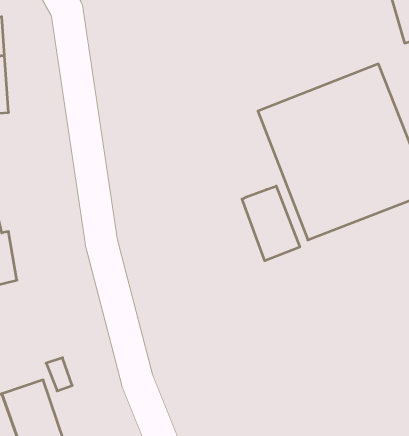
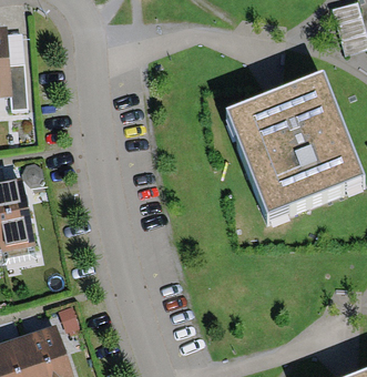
building: [242,186,300,261] -> none

